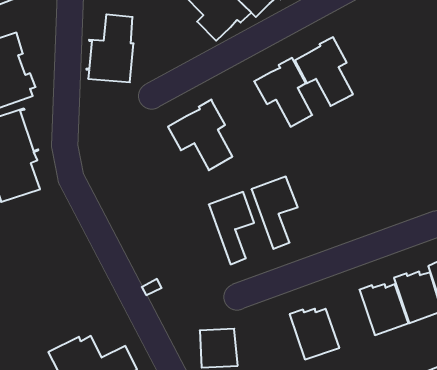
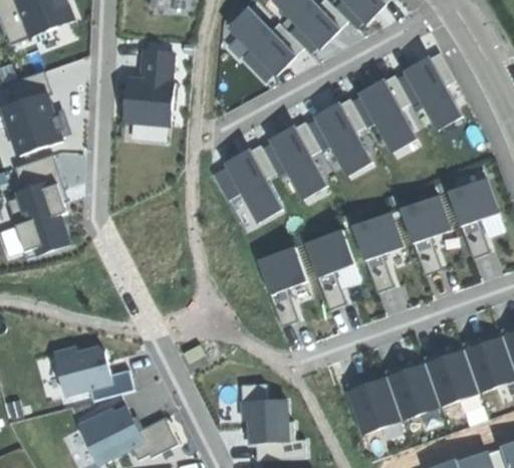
building: none -> [396,53,456,120]
building: none -> [260,122,326,198]
building: none -> [447,178,497,258]
building: none -> [400,196,450,275]
building: none -> [351,213,402,292]
building: none -> [52,345,134,400]
building: none -> [383,363,439,420]

